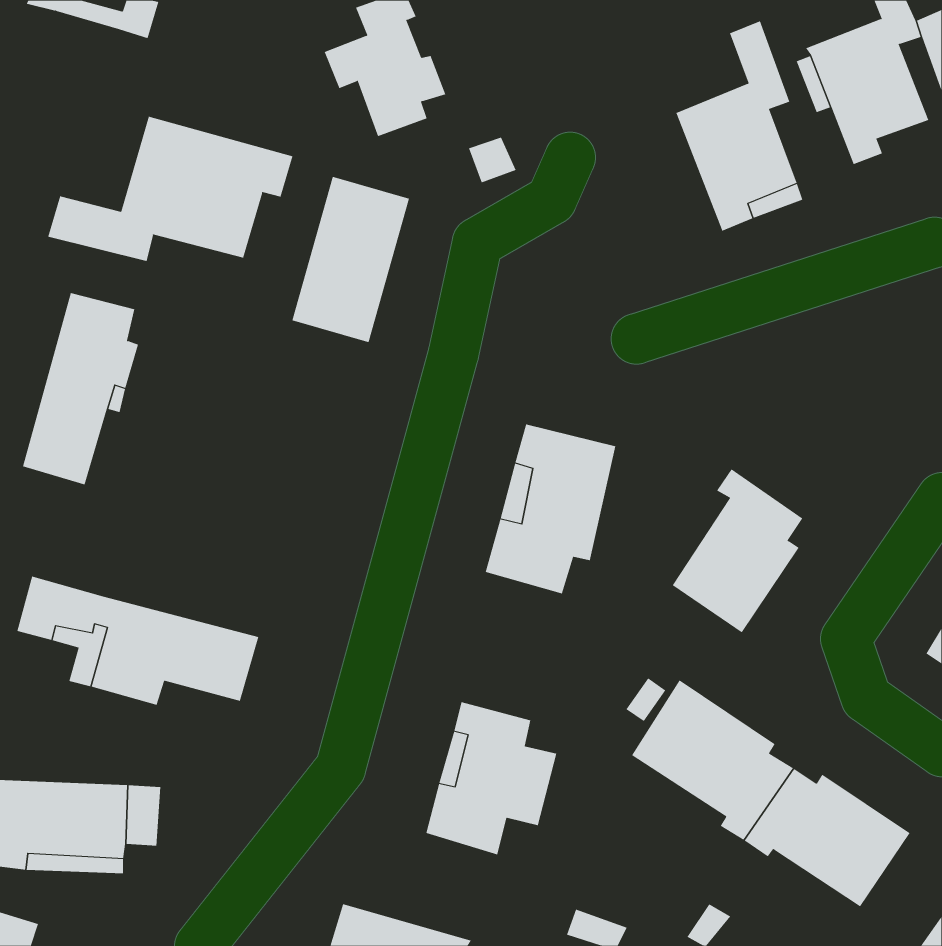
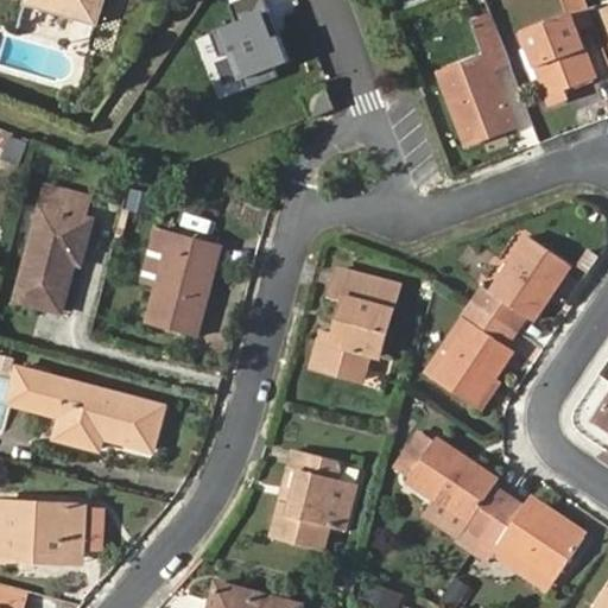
building: [48,116,293,262] -> none
building: [292,176,410,343] -> [150,228,226,335]
building: none -> [469,235,570,332]

